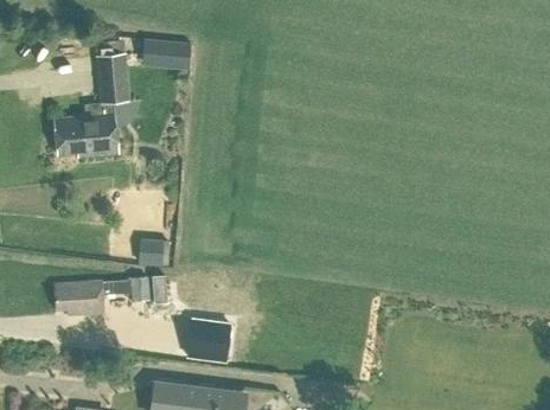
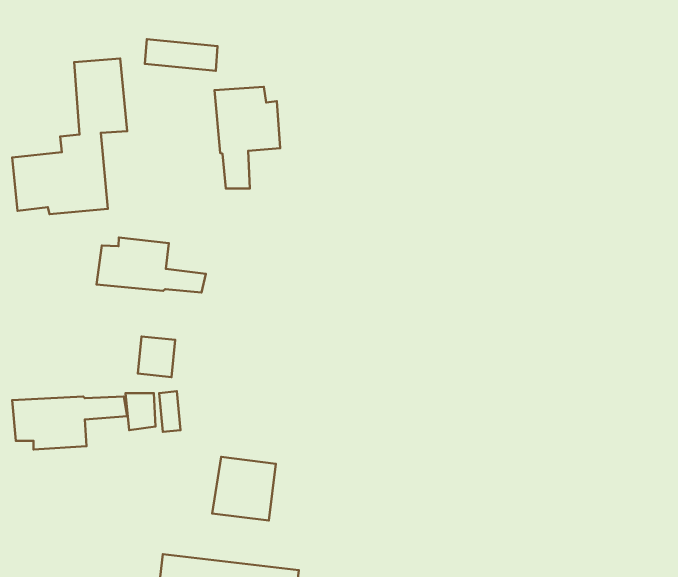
building: none -> [214,87,280,189]
building: none -> [97,238,206,292]

